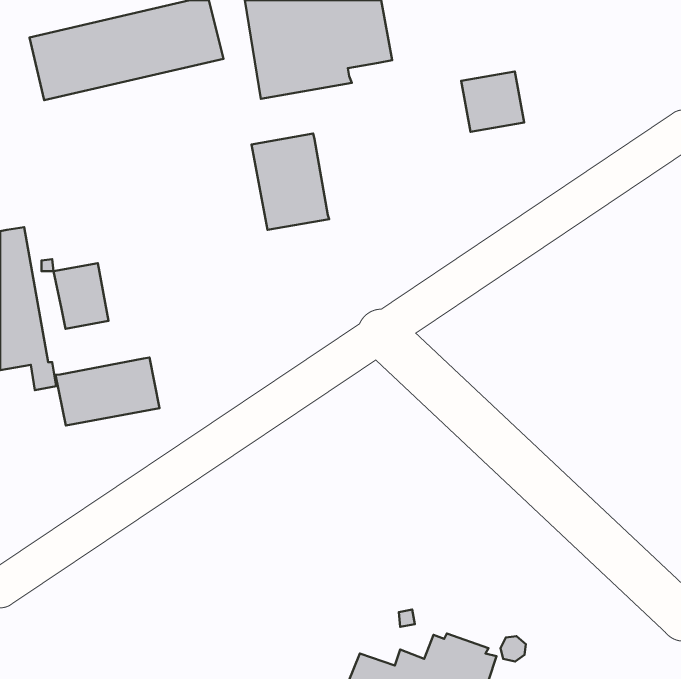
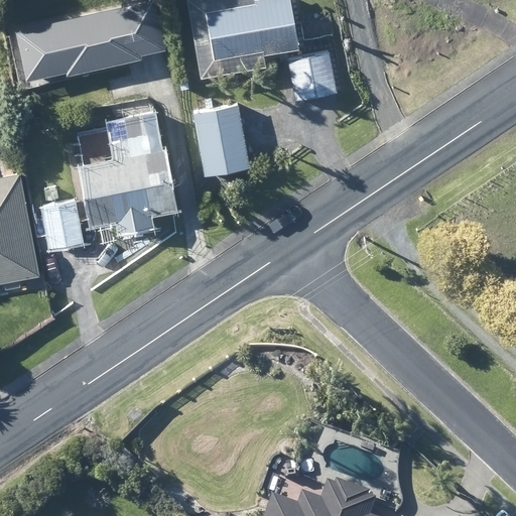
building: [461,72,524,132] -> [288,55,336,101]
building: none -> [80,113,174,230]
building: [56,358,159,425] -> none

